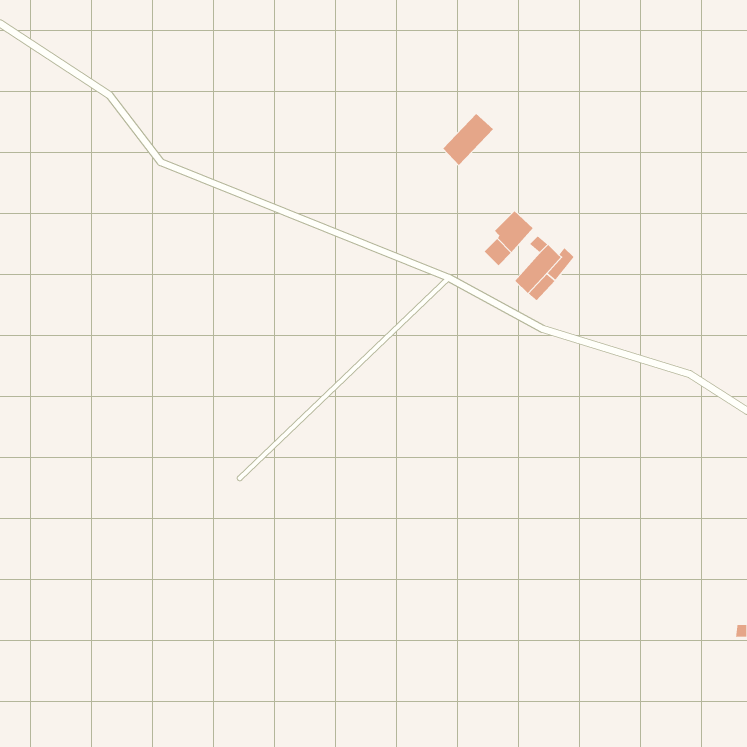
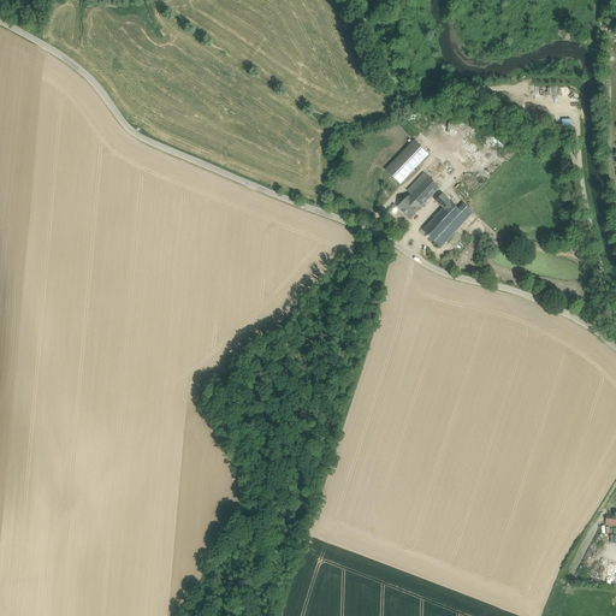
building: [443,113,494,166] -> [386,141,428,184]

